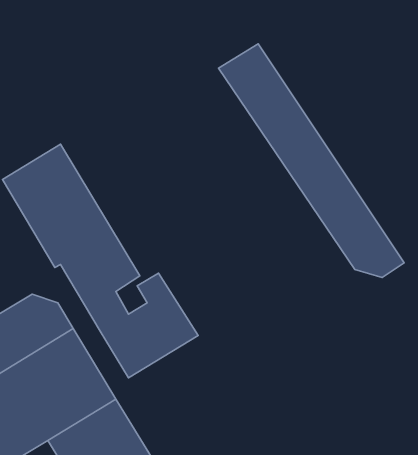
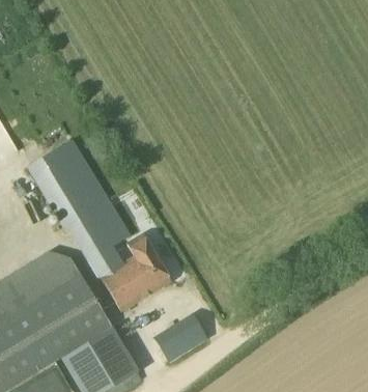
building: [219,44,404,278] -> none
building: none -> [159,317,205,360]

